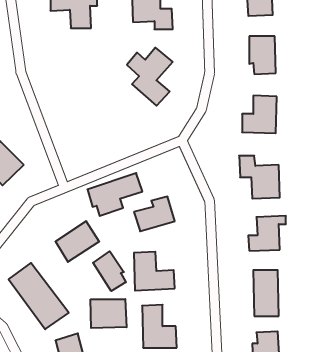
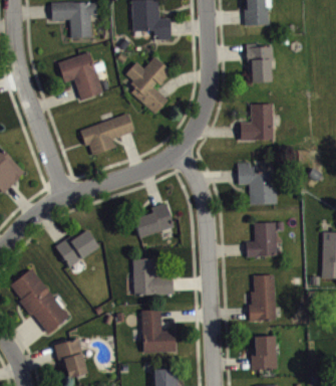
building: none -> [56,52,102,100]
building: [87,173,142,216] -> [80,114,134,156]
building: [93,251,126,291] -> none
building: [91,299,127,328] -> none

